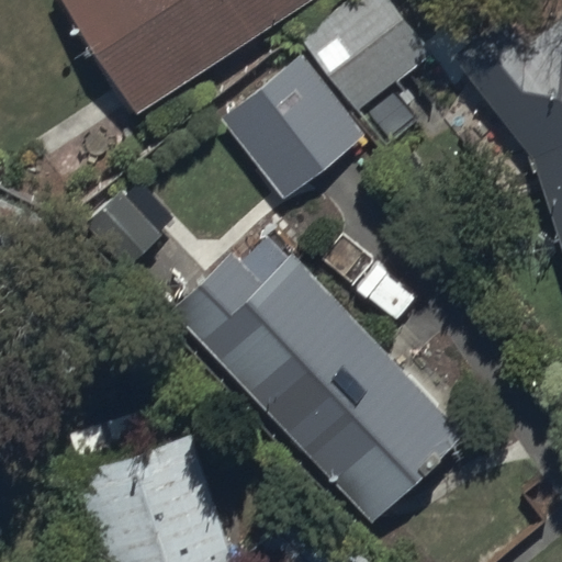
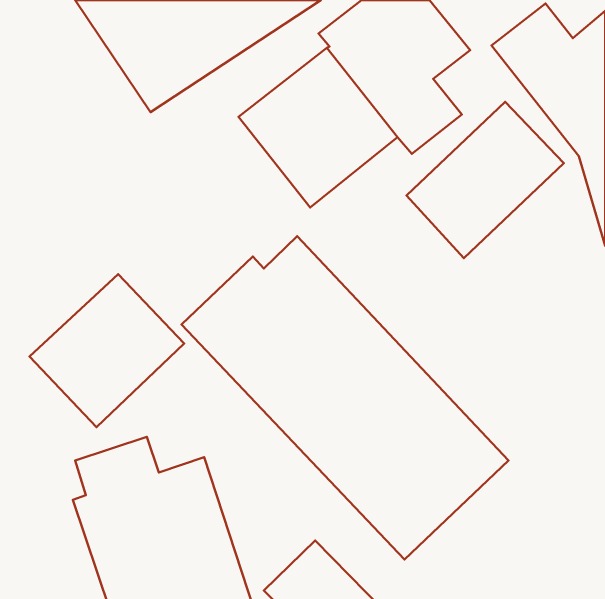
building: none -> [407,102,564,258]
building: none -> [30,274,184,427]

